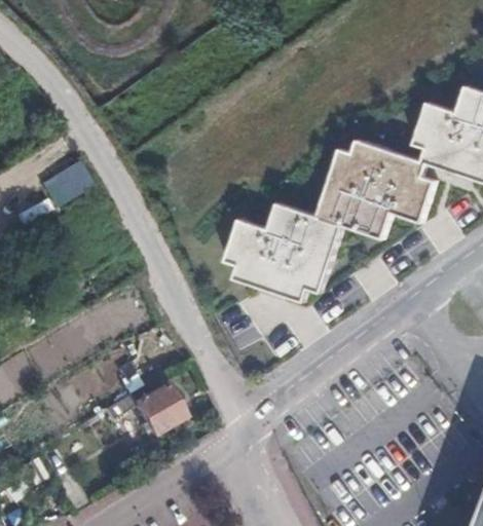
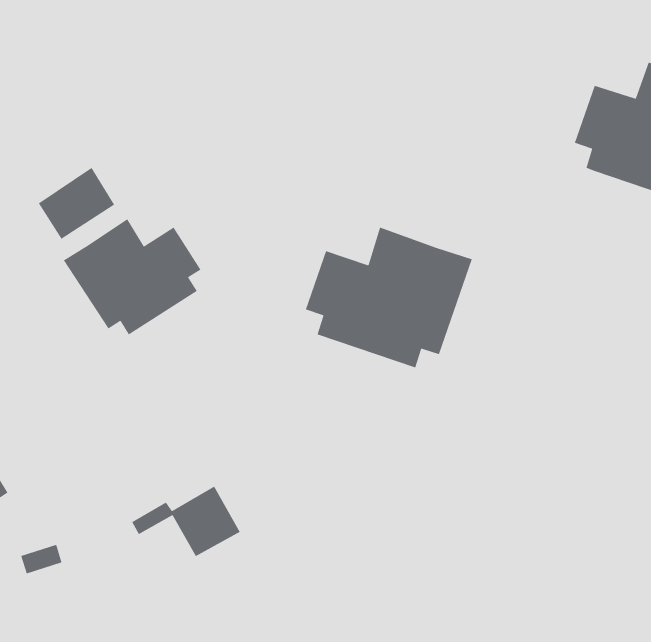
building: [315,139,433,237] -> none
building: none -> [63,218,202,336]

